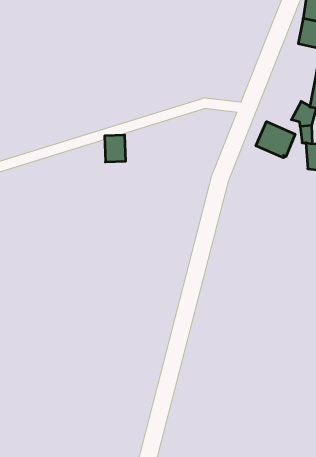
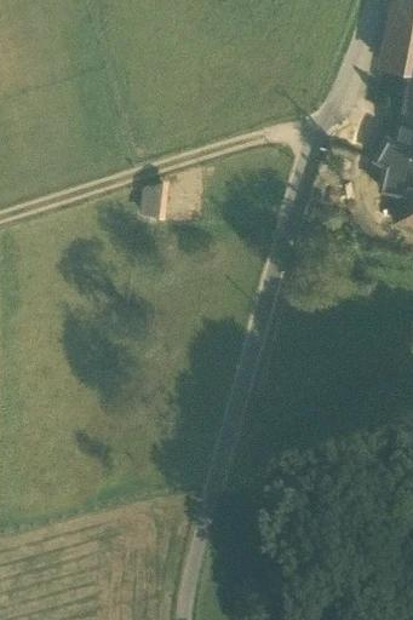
building: [256,122,295,158] -> none

